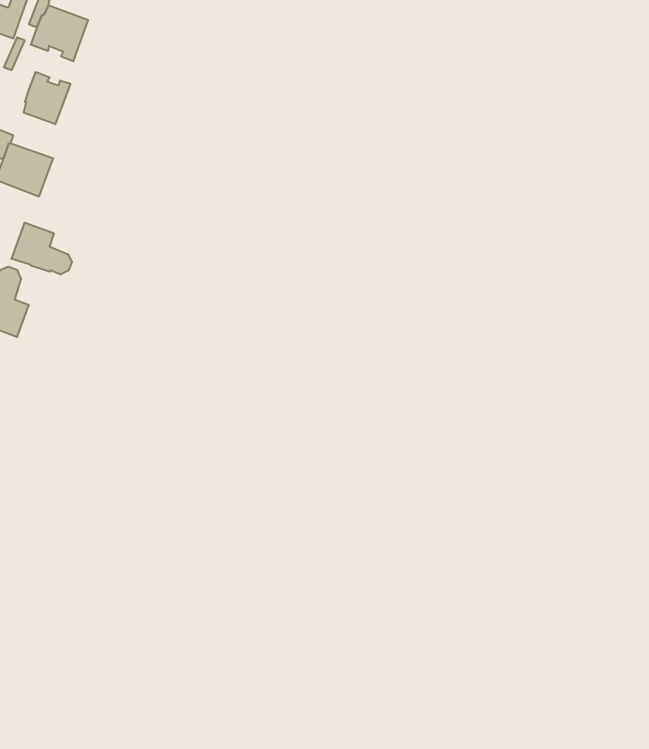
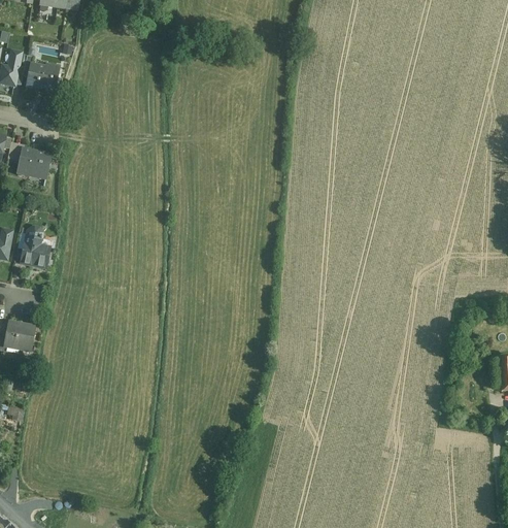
building: [24,72,70,124] -> none
building: [11,223,72,275] -> none

